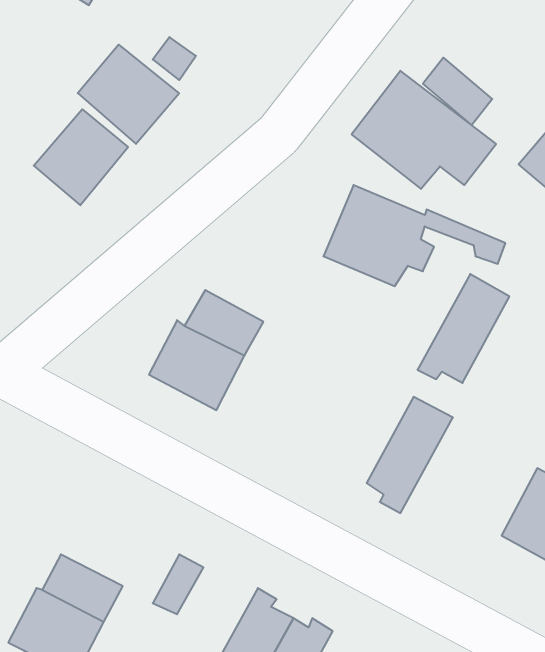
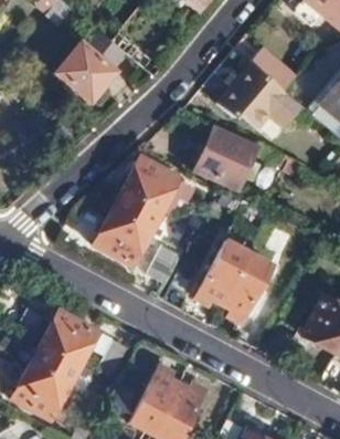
building: [34,109,128,205] -> none
building: none -> [124,154,180,208]
building: [417,274,509,383] -> [196,239,251,303]
building: none -> [40,310,97,364]

